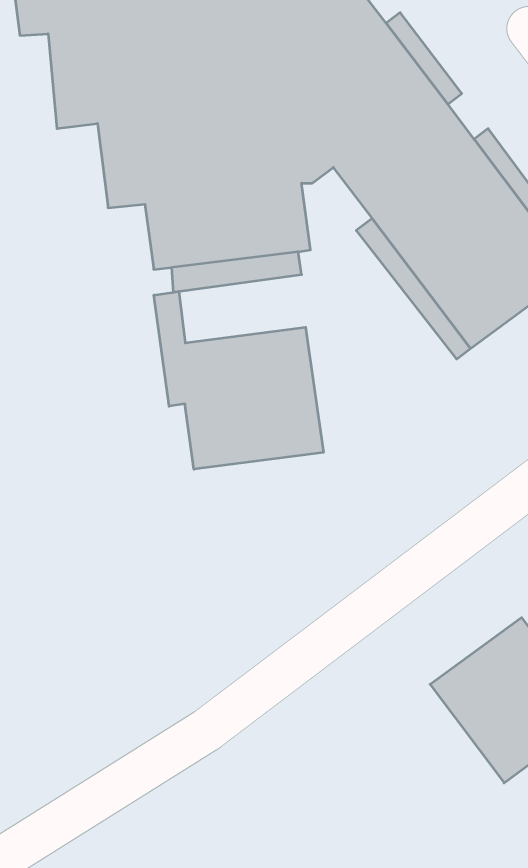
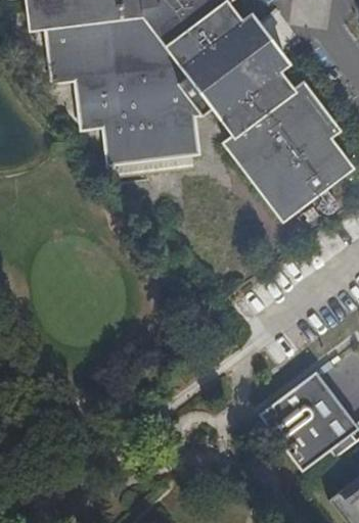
building: [154,291,323,469] -> none

